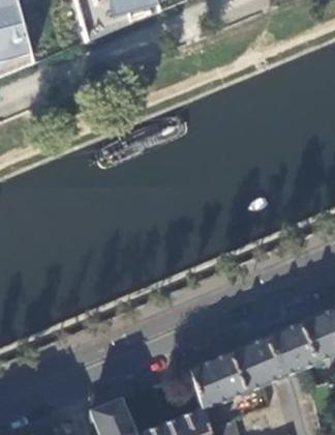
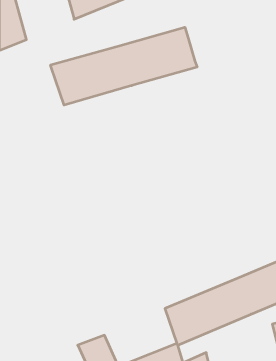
building: none -> [51,27,197,105]

